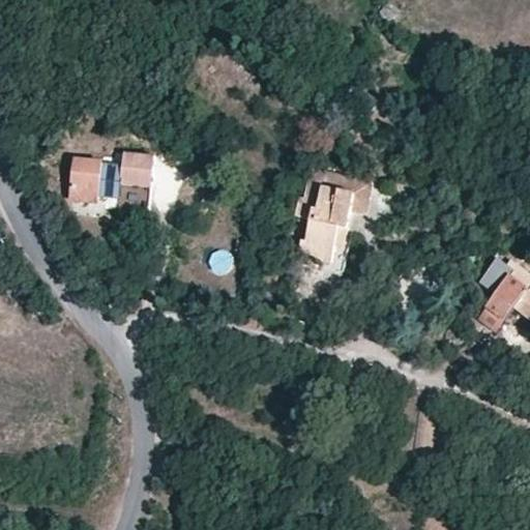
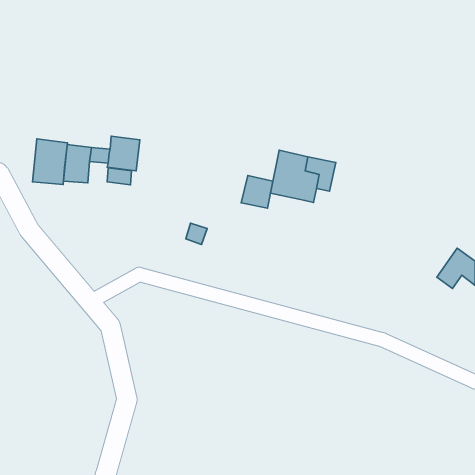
building: none -> [33,139,67,185]
building: [303,216,338,253] -> [241,176,273,208]

